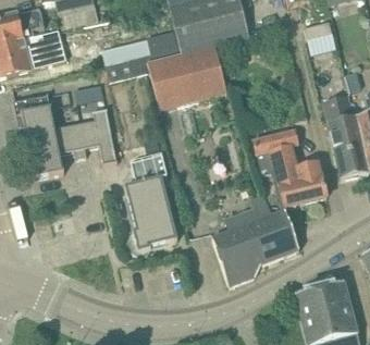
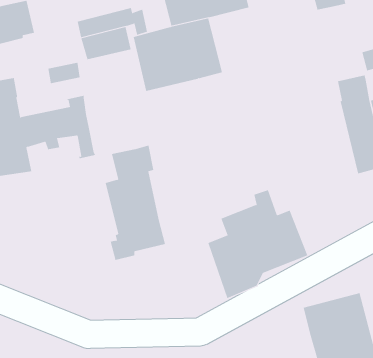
building: [252,128,326,206] -> none

